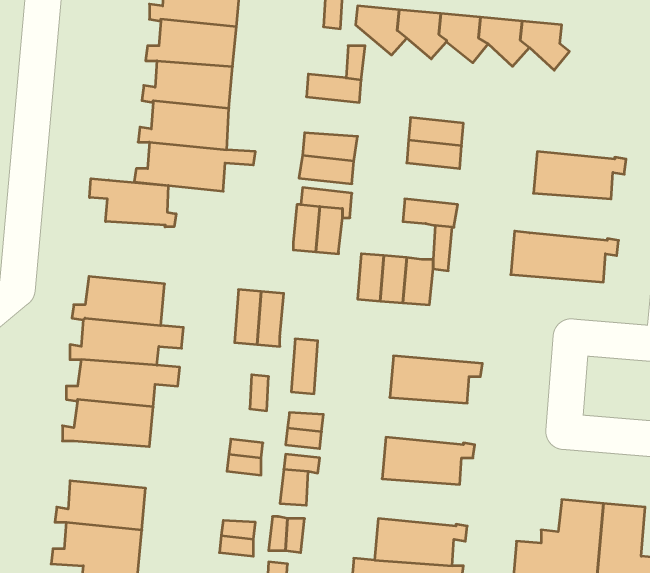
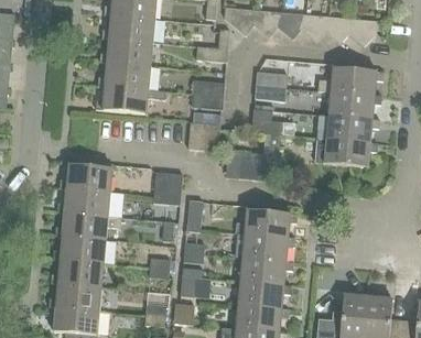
building: none -> [343,17,377,45]
building: none -> [317,66,384,95]
building: [90,179,176,227] -> none
building: none -> [325,115,379,142]
building: none -> [241,233,295,261]
building: none -> [51,259,104,286]
building: none -> [237,281,291,308]

